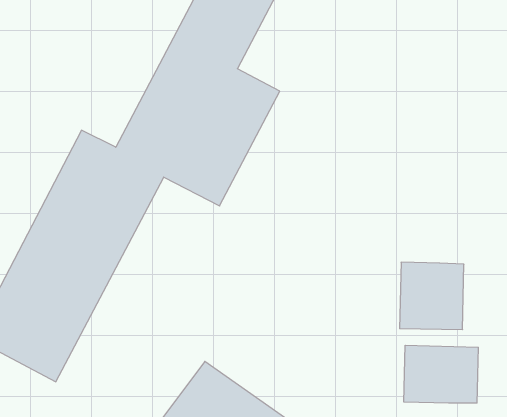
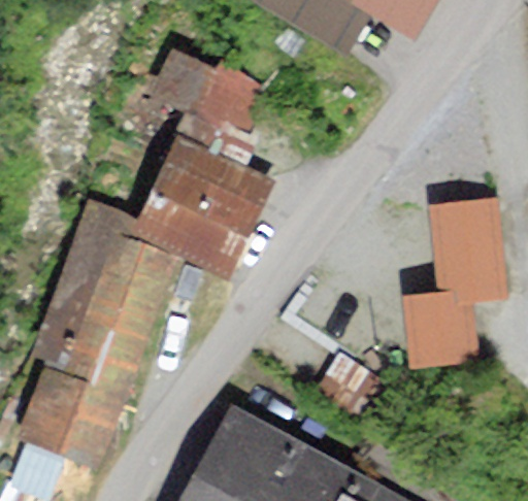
building: none -> [433,207,499,300]
building: [404,345,478,403] -> none

